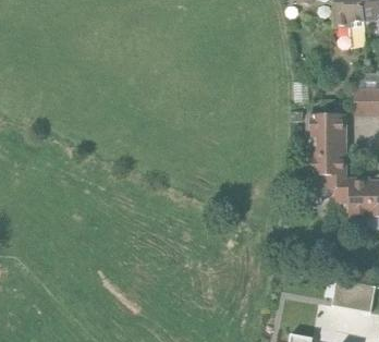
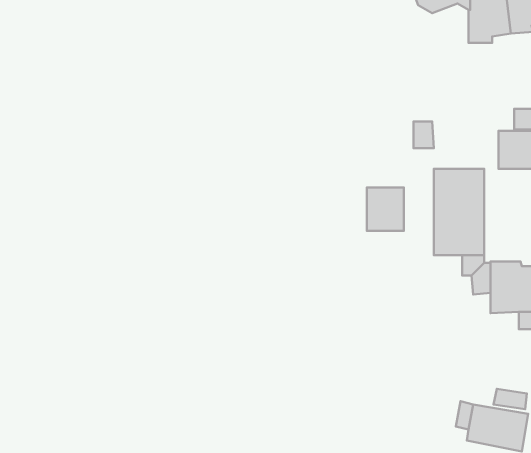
building: none -> [367,187,404,231]

